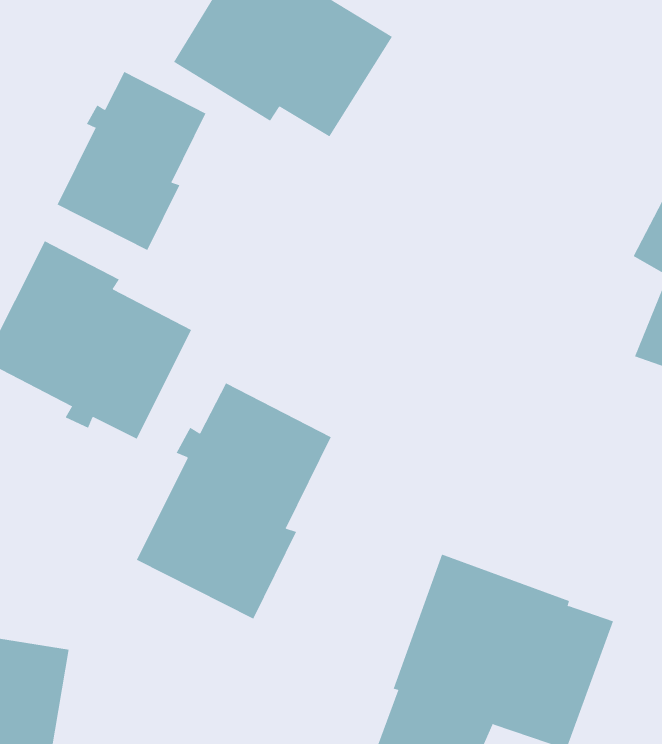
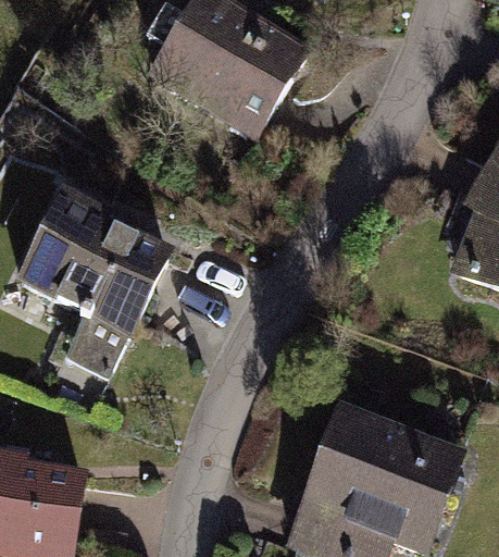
building: [57,71,206,251] -> none
building: [136,382,332,619] -> none

